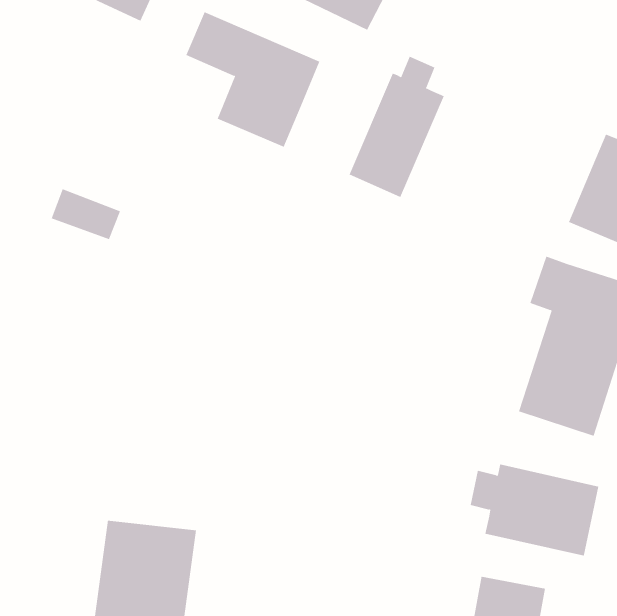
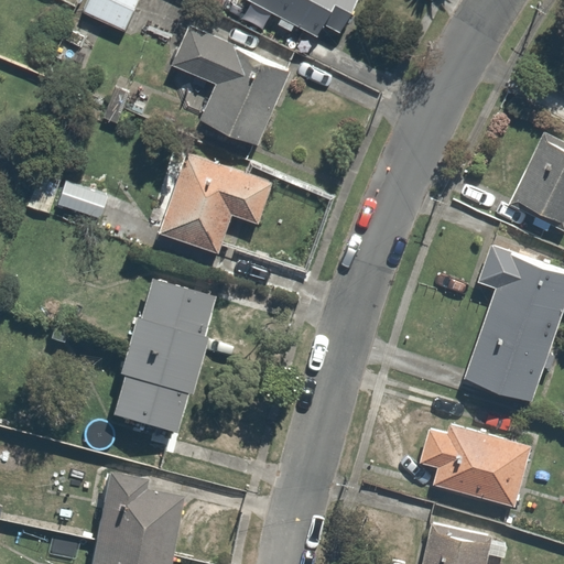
building: [349,56,444,198] -> none
building: none -> [158,152,271,253]
building: none -> [109,280,219,438]

